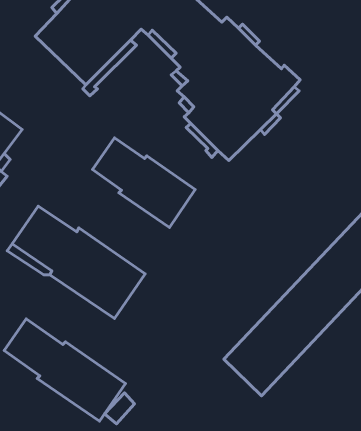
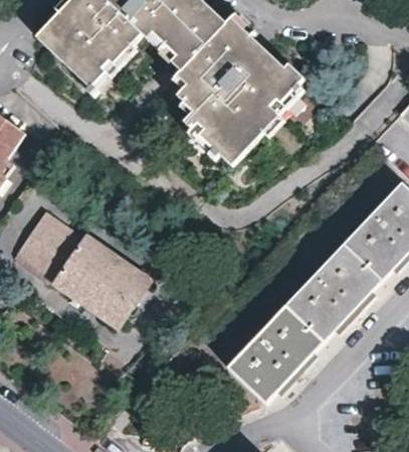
building: [93,138,195,228] -> none
building: [4,319,125,421] -> none

